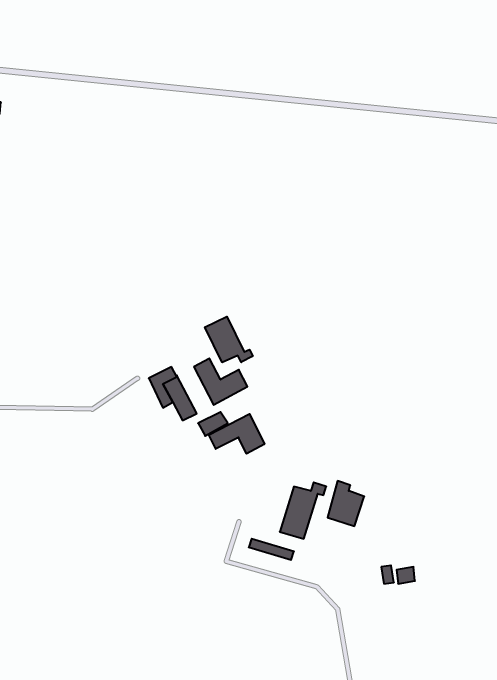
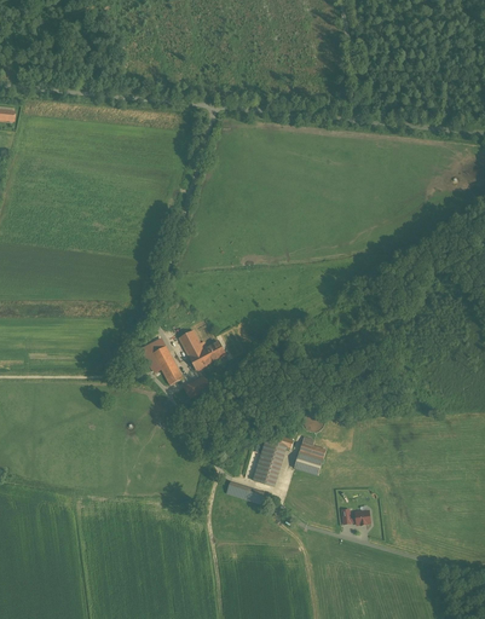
building: [205,317,253,362] -> none
building: [209,414,264,454] -> none

